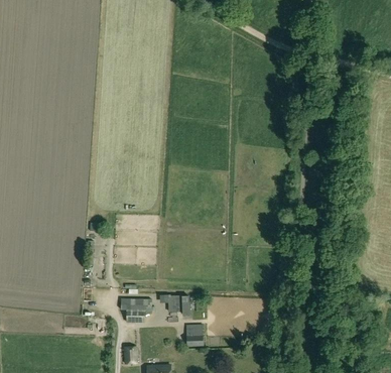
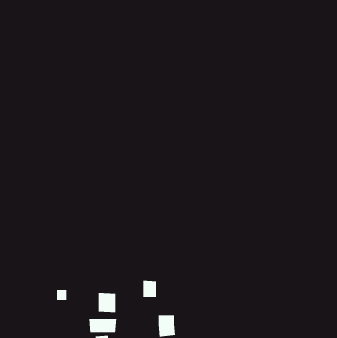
building: none -> [89,318,117,333]

